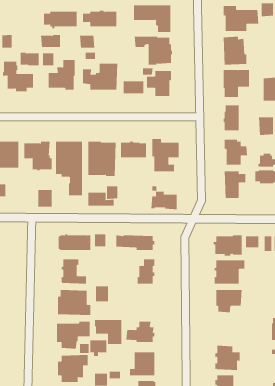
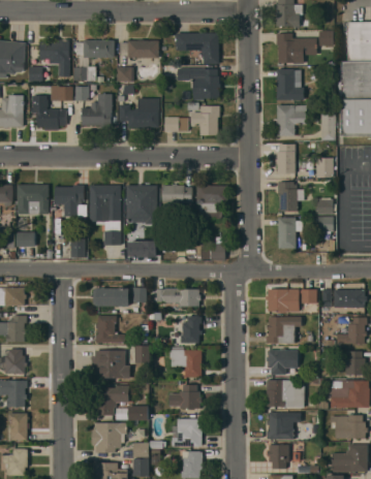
building: none -> [39,38,68,59]
building: none -> [266,380,304,408]
building: [94,319,122,344] -> [169,350,200,378]

